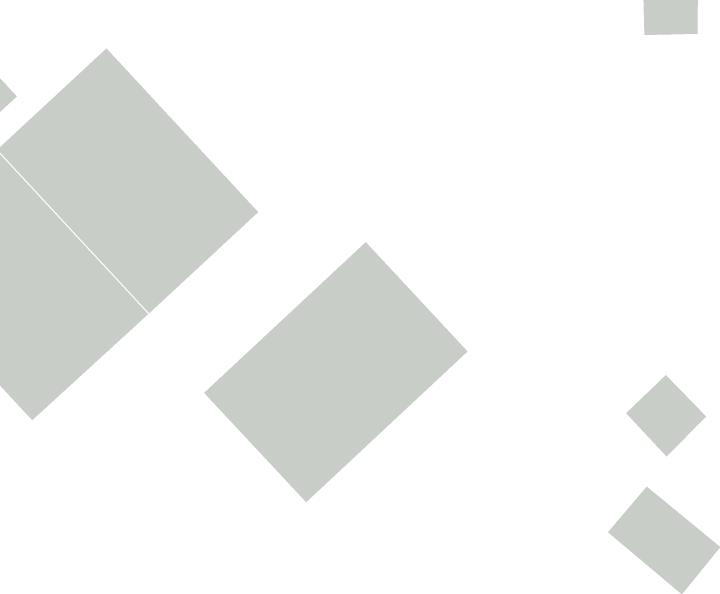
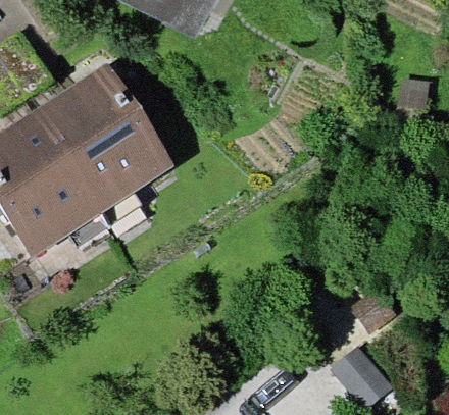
building: [203,241,469,503] -> none

